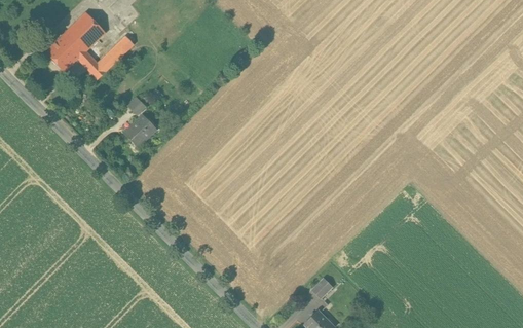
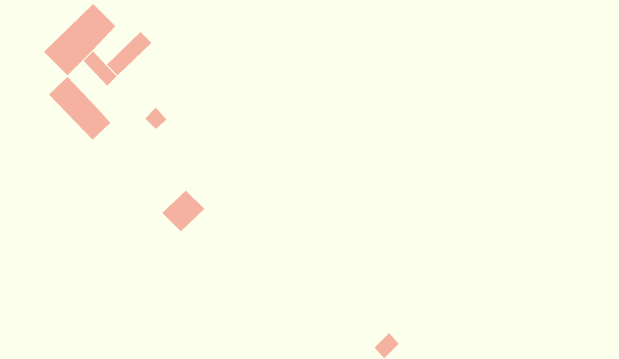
building: none -> [48,76,111,140]
building: [122,113,157,147] -> [162,190,205,232]

